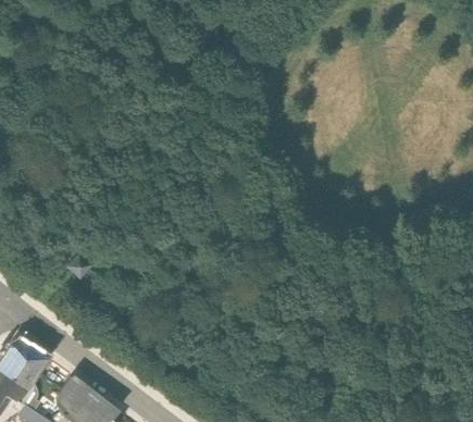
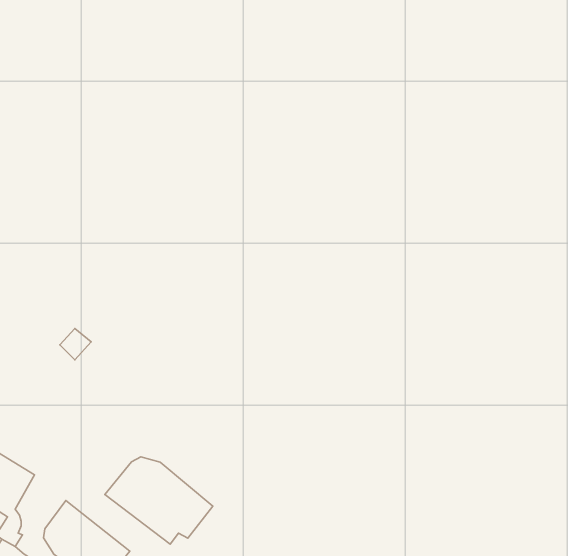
building: none -> [105,457,213,544]

